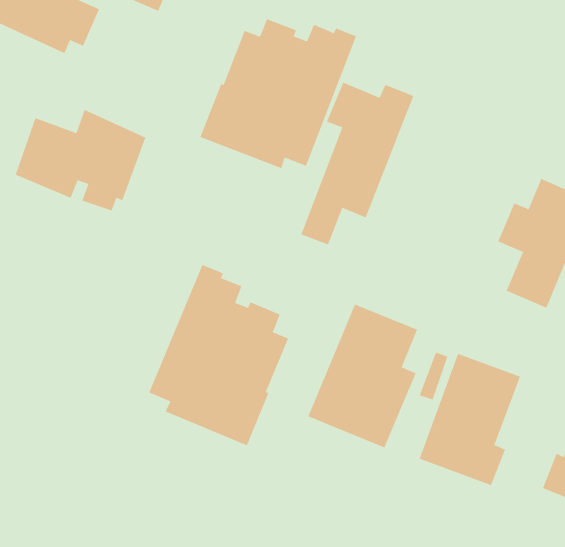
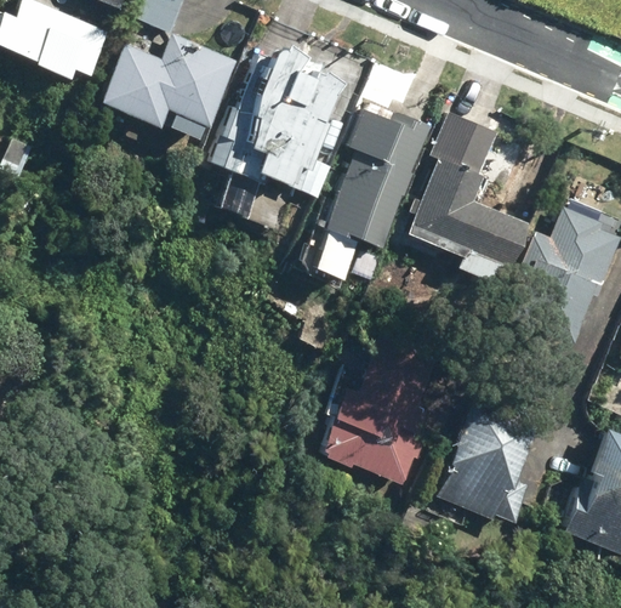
building: none -> [408,115,523,272]
building: [15,109,146,211] -> [99,33,235,138]
building: [149,264,289,446] -> none

